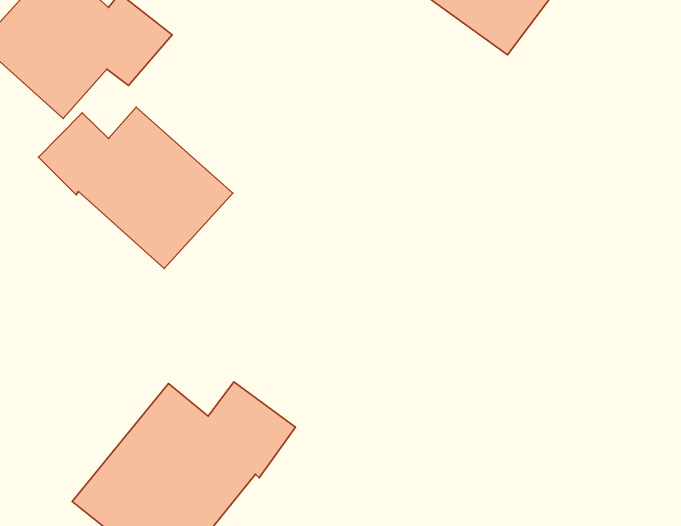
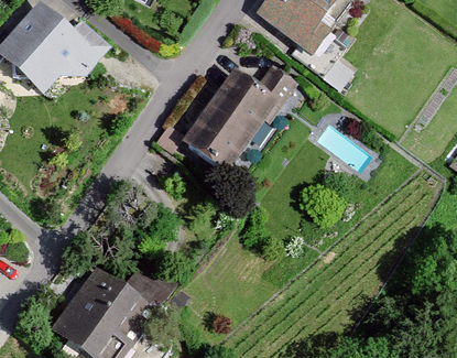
building: none -> [184,64,298,174]
building: [39,107,233,268] -> none

